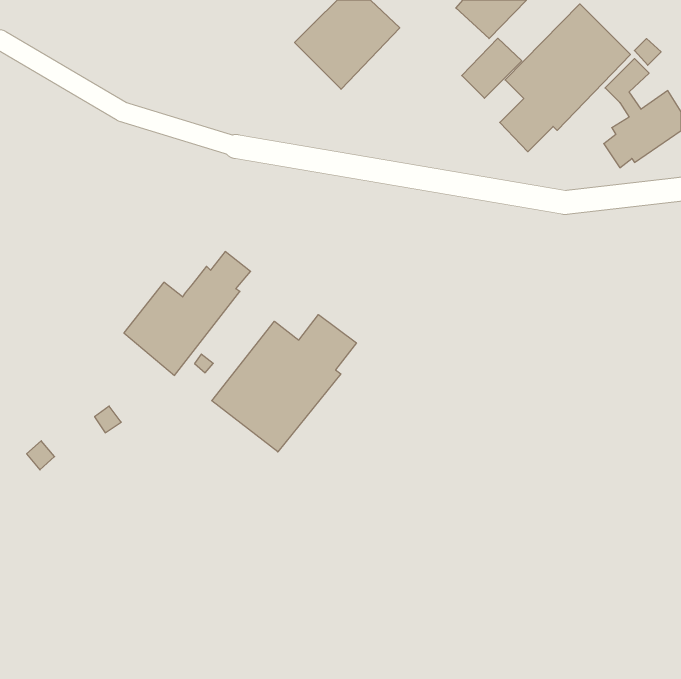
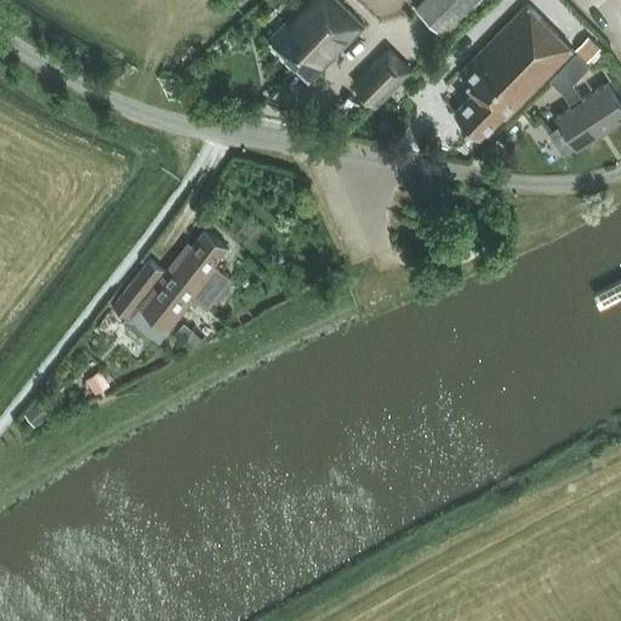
building: [462,38,522,98] -> [355,51,410,106]
building: [212,315,356,452] -> none

